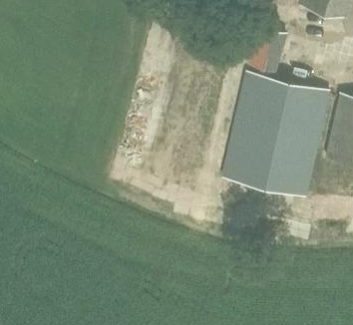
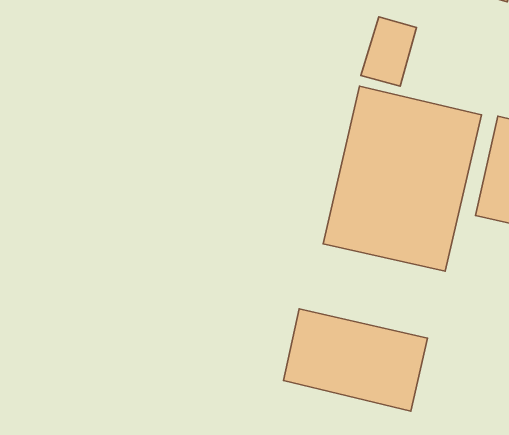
building: none -> [283,309,428,411]

